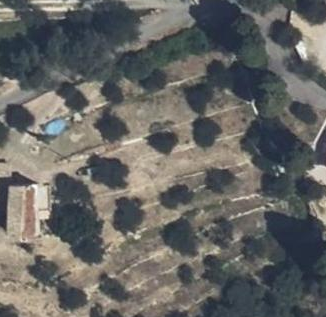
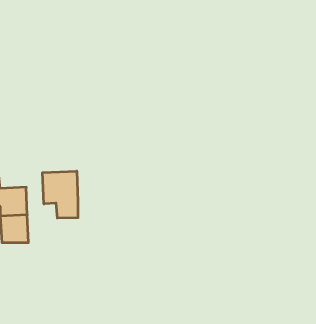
building: none -> [43,171,78,218]

